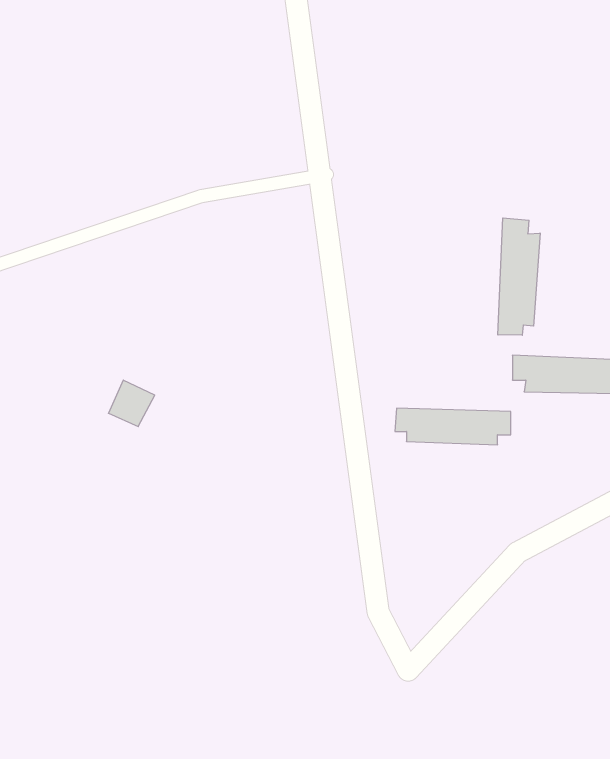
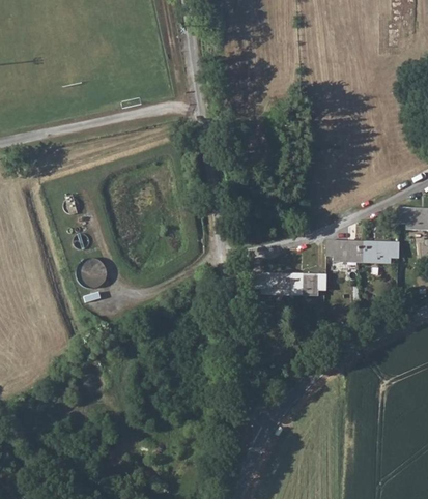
building: [498,218,540,335] -> none

